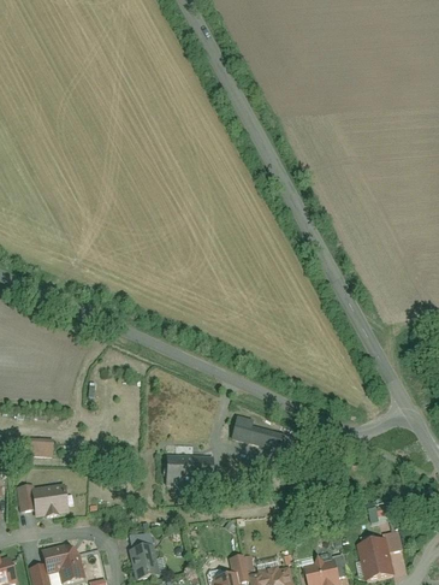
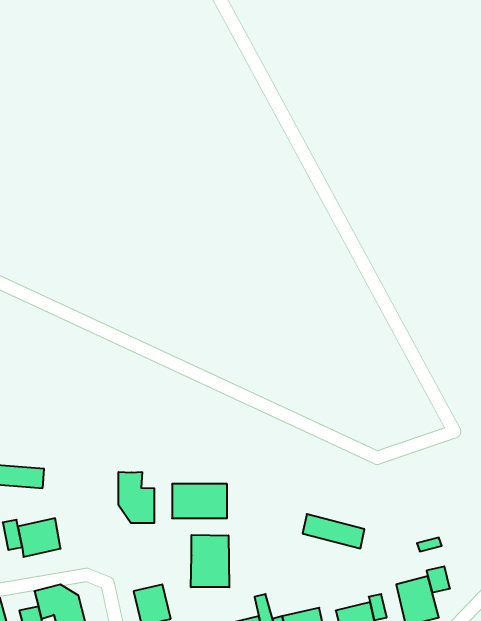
building: [227,420,281,450] -> [303,514,364,548]
building: none -> [118,472,154,523]
building: none -> [191,535,229,587]

